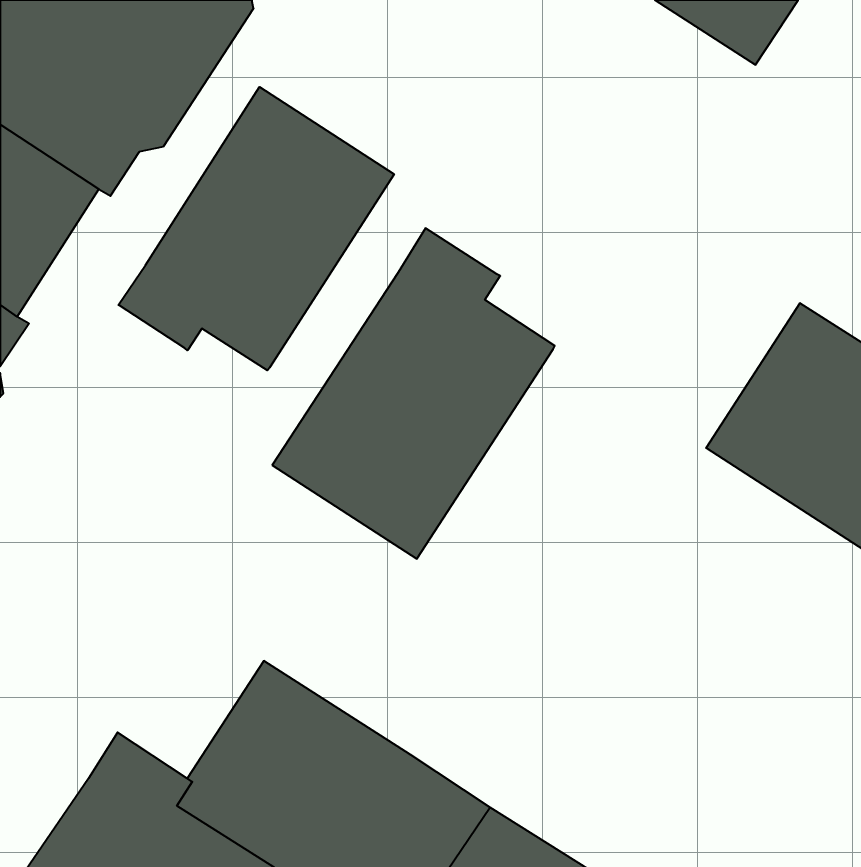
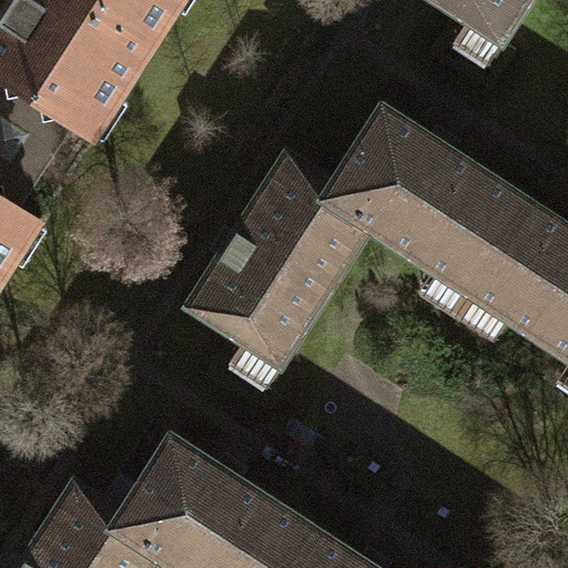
building: [118,87,394,370] -> none
building: none -> [322,104,527,294]

